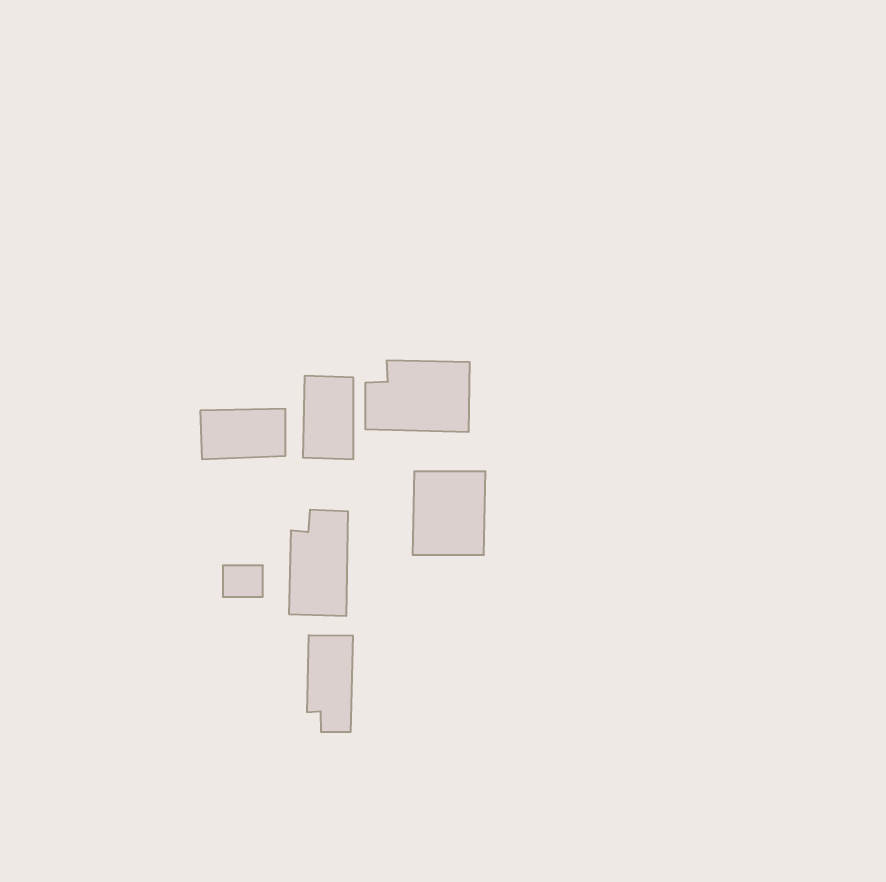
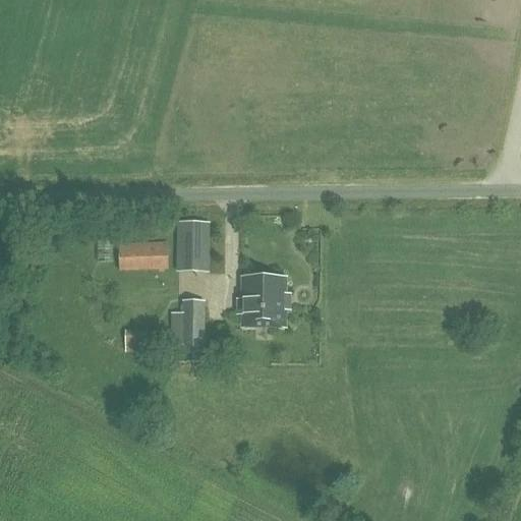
building: [365,360,470,432] -> none
building: [307,635,353,732] -> none

